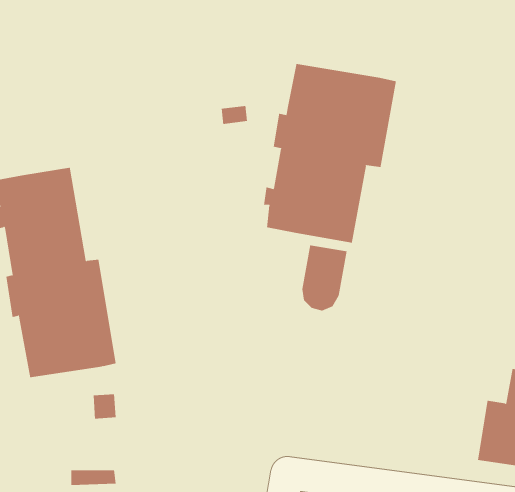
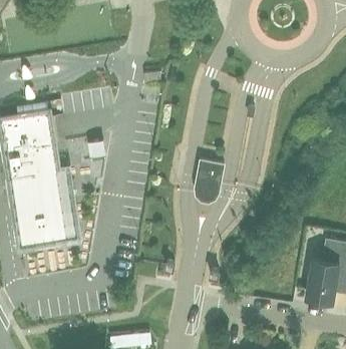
building: [263,63,397,244] -> none

